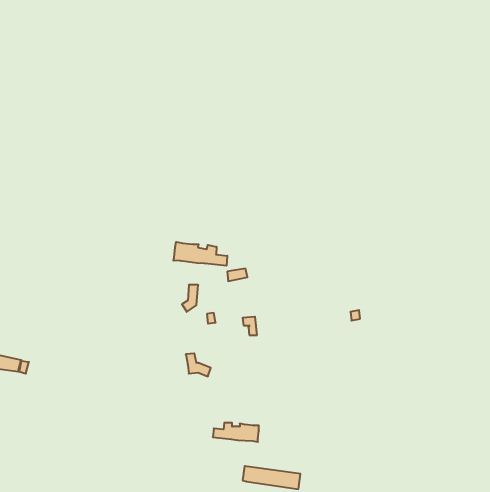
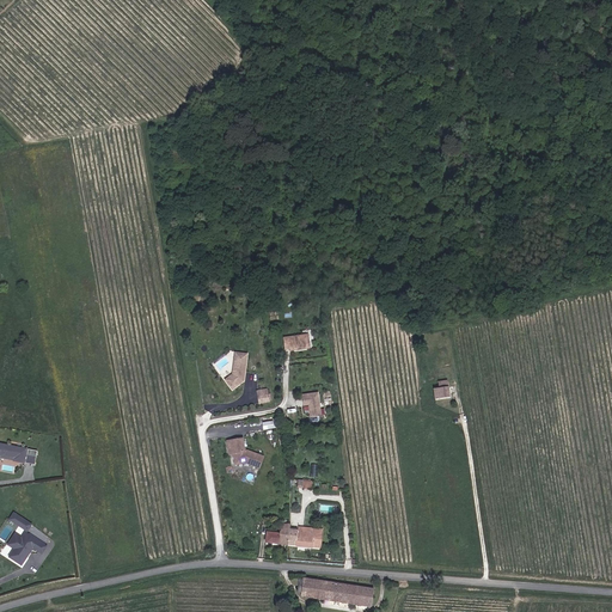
building: [173,242,227,266] -> none
building: none -> [5,530,48,565]

